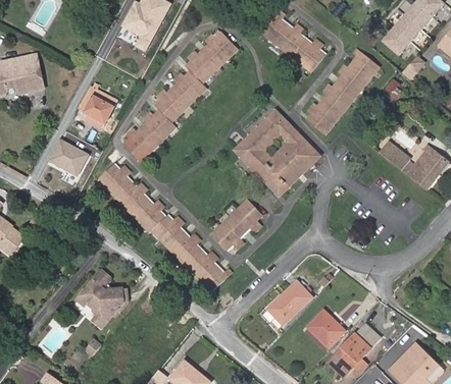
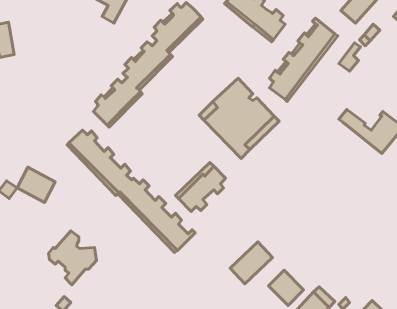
building: [72,89,116,129] -> none
building: [48,139,88,175] -> [17,167,55,203]

